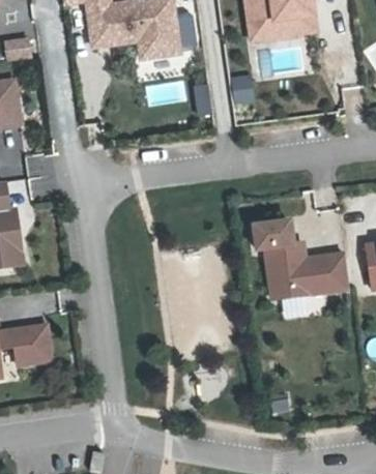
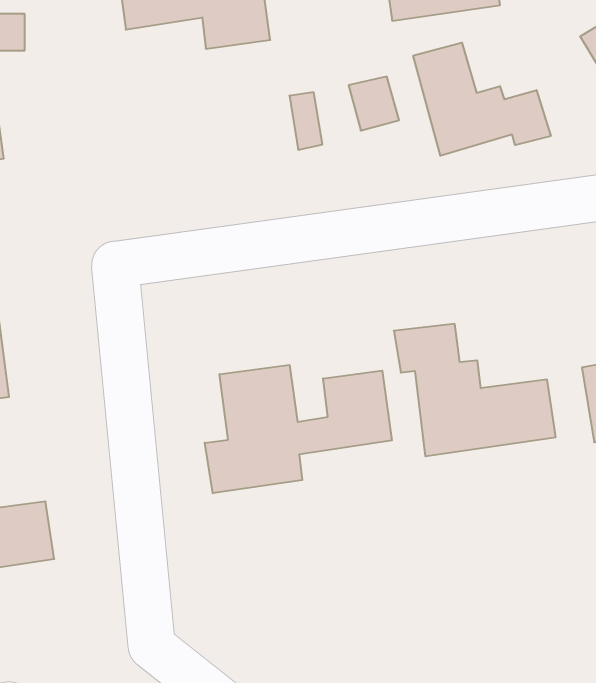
building: none -> [413,43,551,156]
building: none -> [205,365,392,493]

